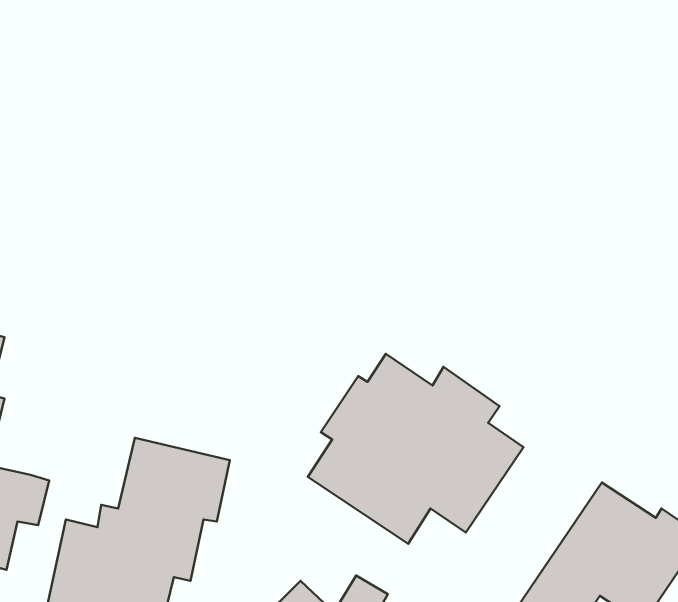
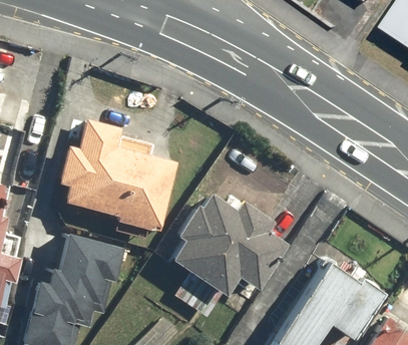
building: none -> [63,123,178,231]

